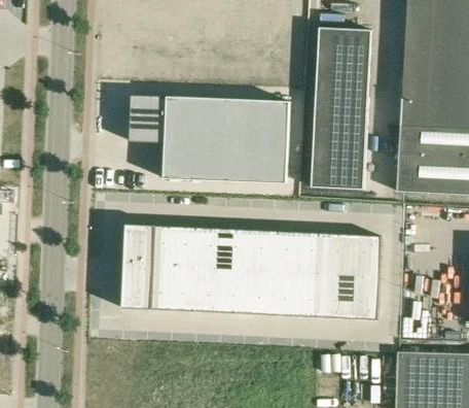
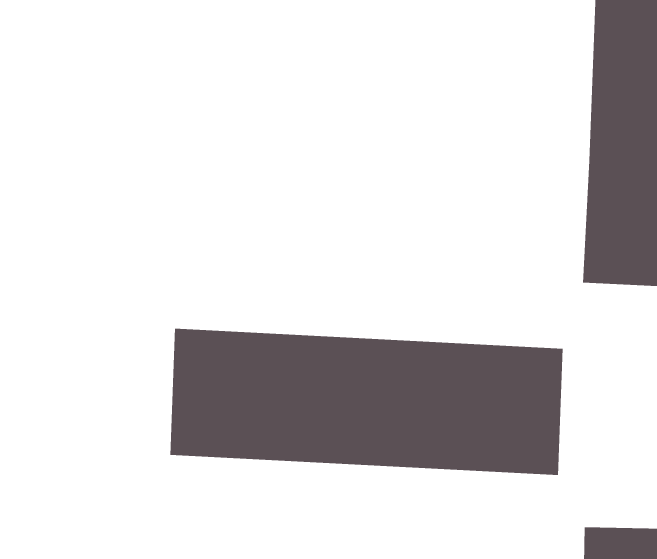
building: [312,31,371,191] -> none
building: [130,96,291,185] -> none

